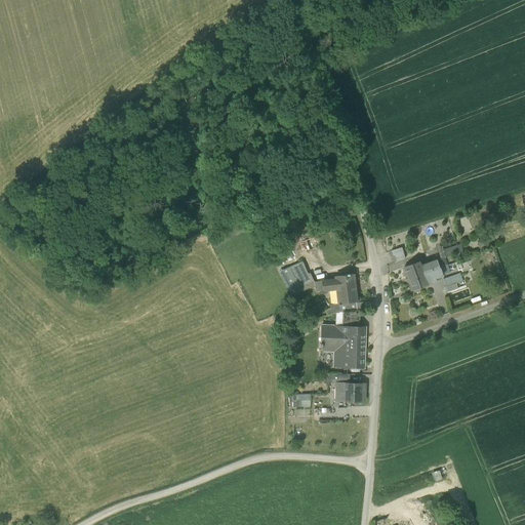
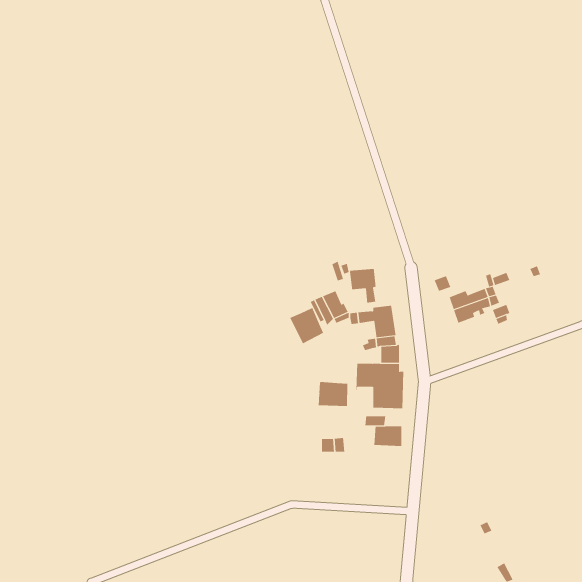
building: none -> [349,268,376,303]
building: none -> [290,307,324,344]
building: none -> [318,381,348,407]

